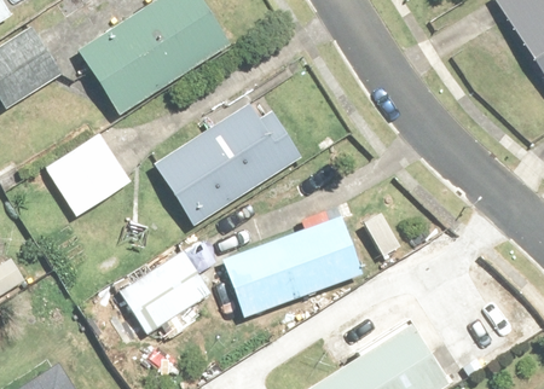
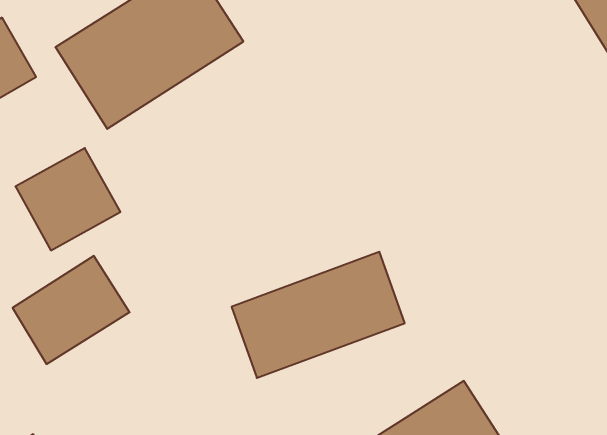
building: [151,100,302,228] -> none
building: [117,248,213,336] -> [13,256,130,364]

